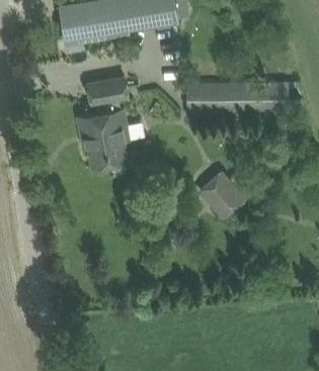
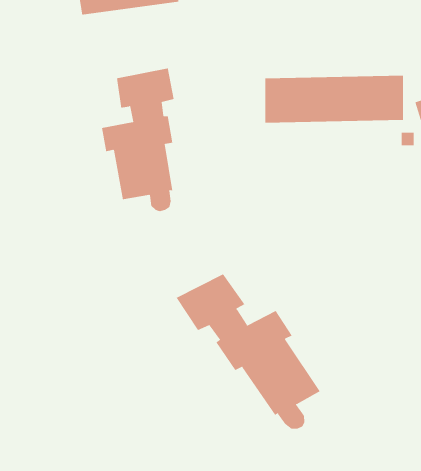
building: [198,170,246,218] -> none
building: none -> [176,273,320,430]

